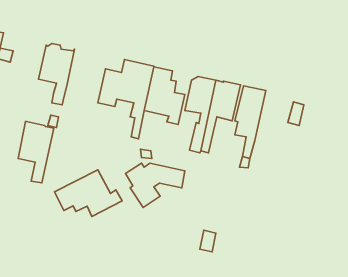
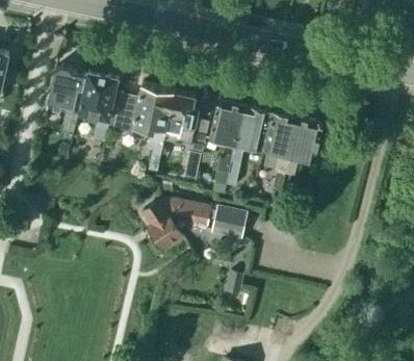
building: none -> [285,119,321,176]
building: [18,122,54,183] -> [78,73,118,140]
building: [55,170,122,216] -> none
building: none -> [211,206,248,241]

